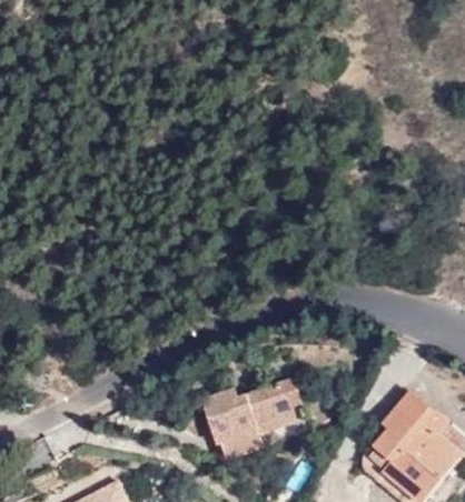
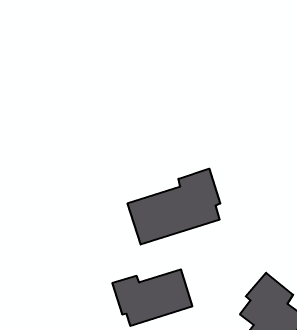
building: none -> [128,169,220,245]

